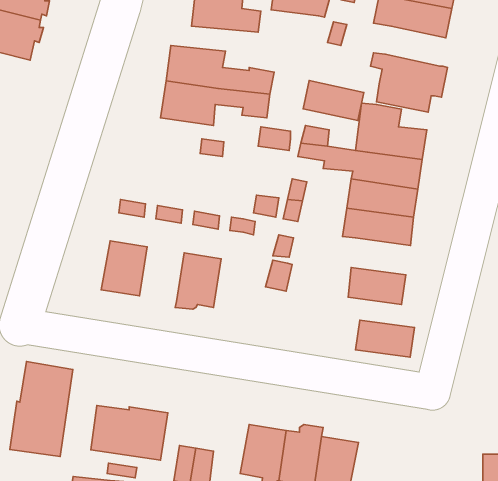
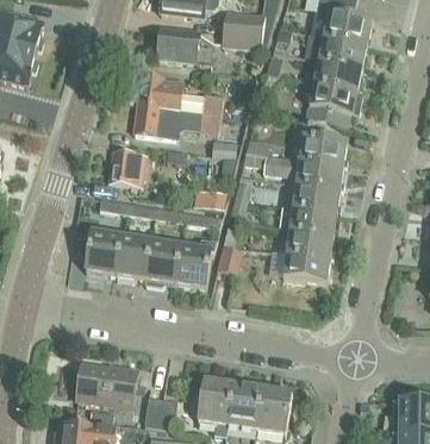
building: [303,81,364,121] -> [313,58,362,90]
building: none -> [108,150,144,185]
building: none -> [116,236,151,280]
building: none -> [175,239,214,289]
building: [355,320,415,357] -> [286,229,334,258]
building: [10,362,73,457] -> none

